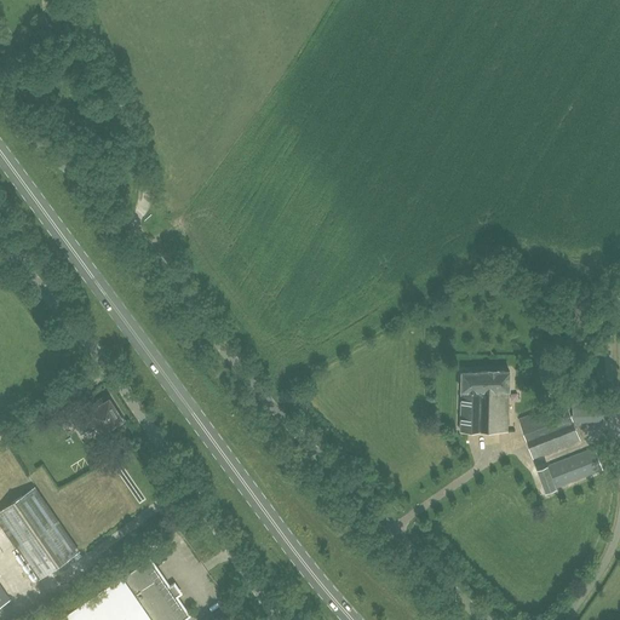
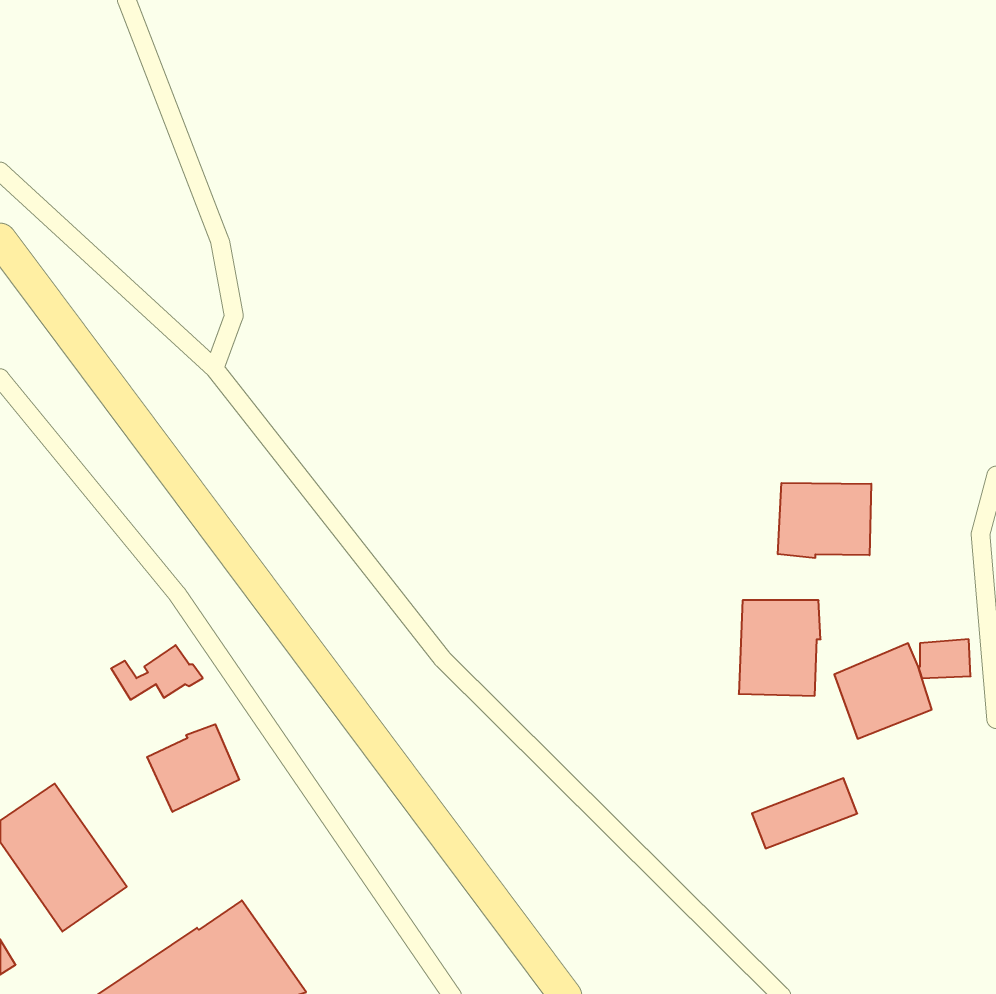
building: none -> [778,483,871,558]
building: [536,449,602,493] -> [752,778,857,848]
building: none -> [147,724,239,812]

